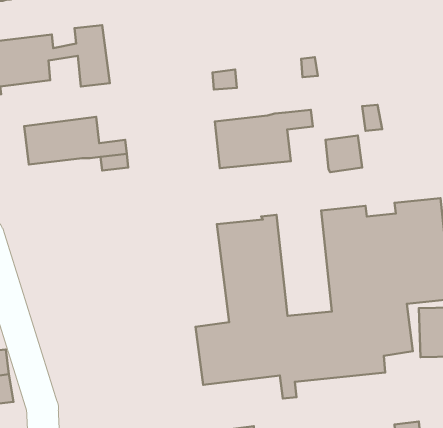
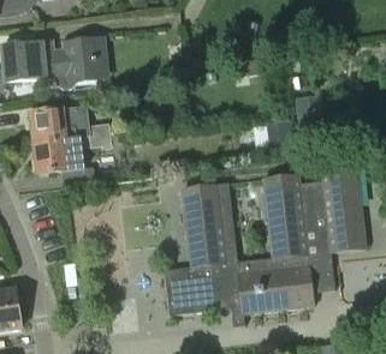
building: [215,110,313,168] -> none
building: none -> [32,138,94,185]

